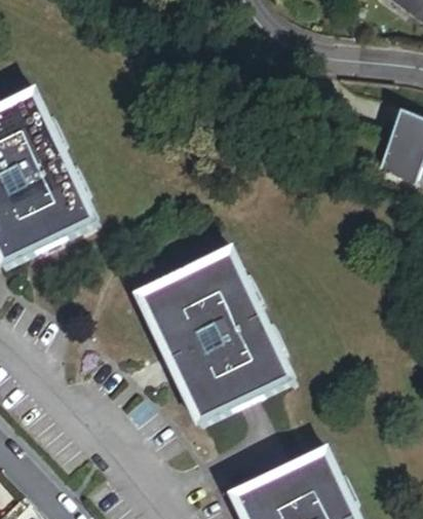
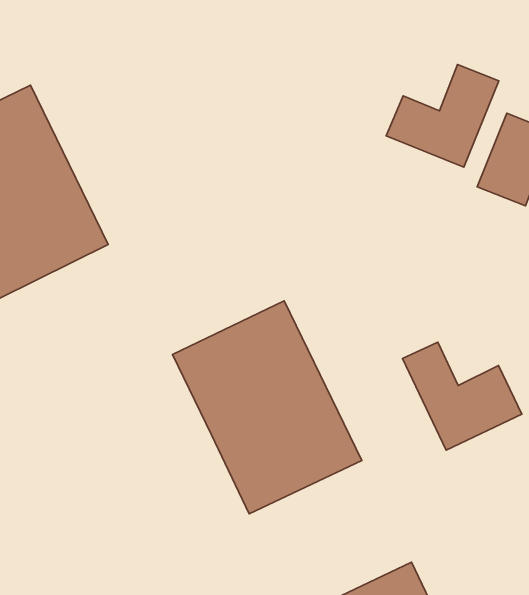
building: none -> [386,64,499,167]
building: none -> [402,342,522,450]

